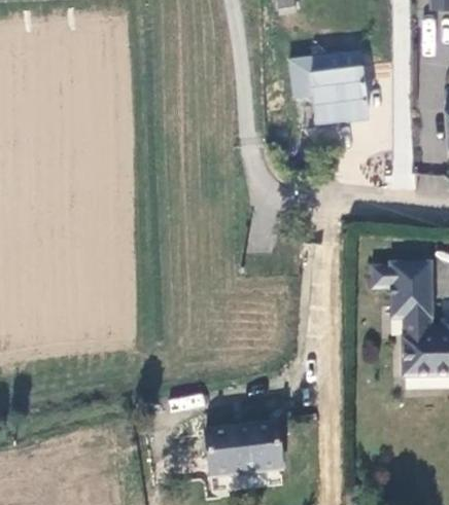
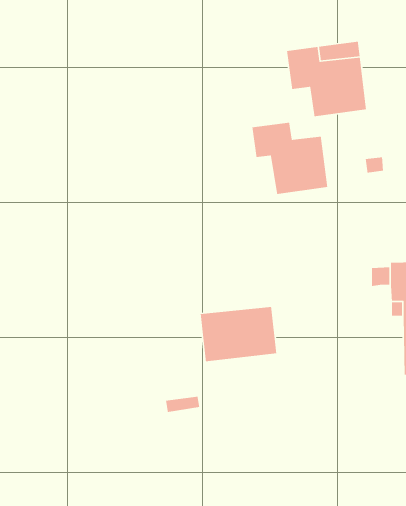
building: none -> [252,122,328,195]
building: [208,430,283,484] -> [200,306,277,362]

